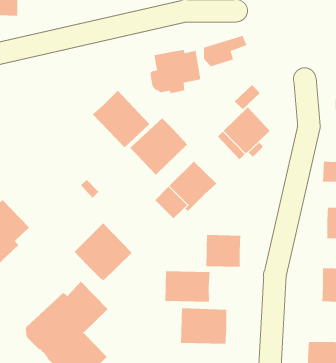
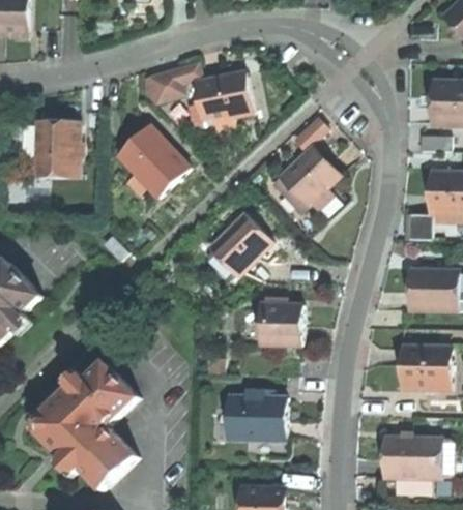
building: [203,35,247,67] -> [145,62,200,102]
building: none -> [34,120,78,177]
building: [130,117,188,176] -> none
building: [74,223,133,281] -> none
building: [165,270,211,303] -> none

